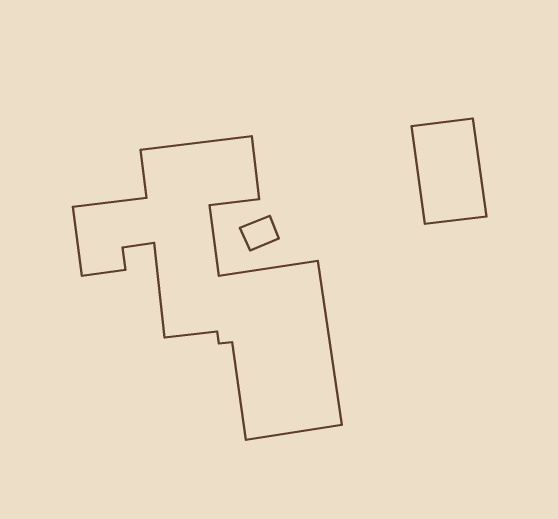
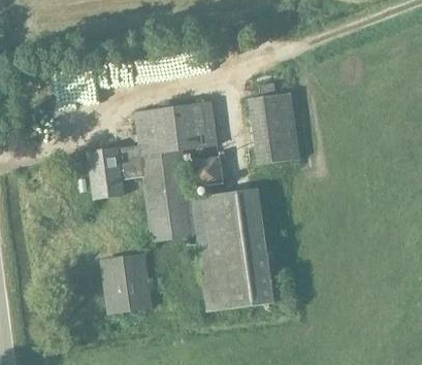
building: [411,119,487,224] -> [248,94,299,166]
building: none -> [102,255,151,311]

